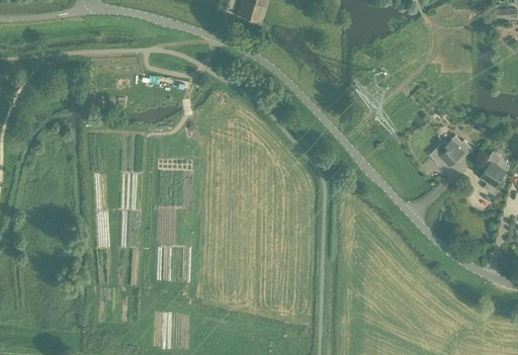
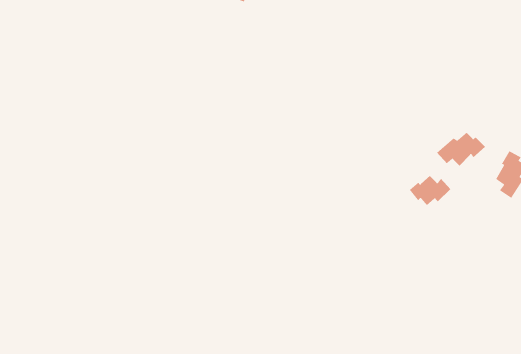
building: none -> [409,175,451,206]

